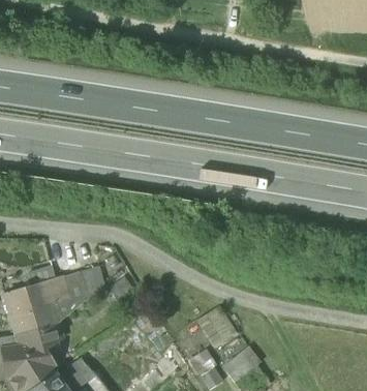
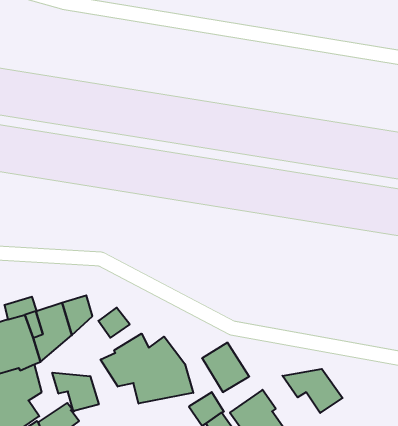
building: none -> [101,334,193,404]
building: none -> [282,369,343,413]
building: none -> [52,373,99,412]

